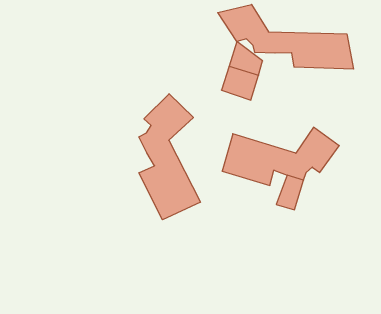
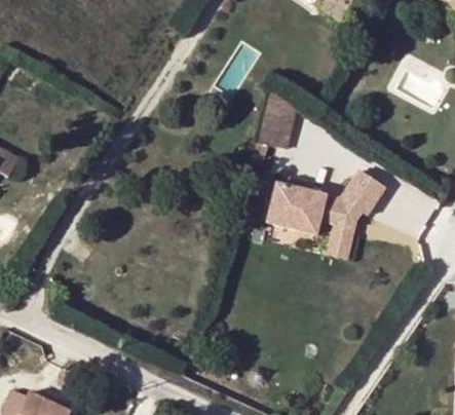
building: [218,4,353,69] -> none
building: [139,94,200,220] -> none

